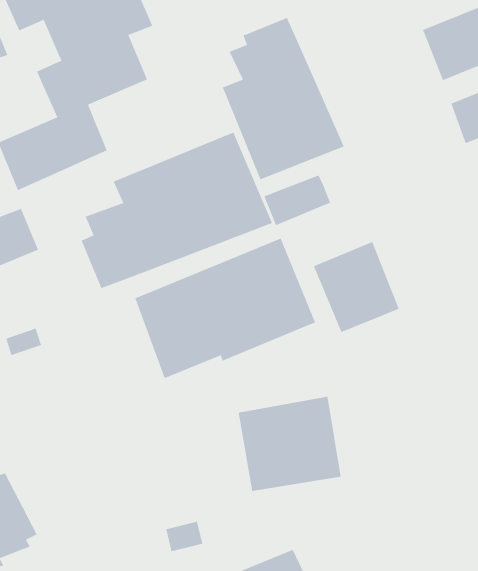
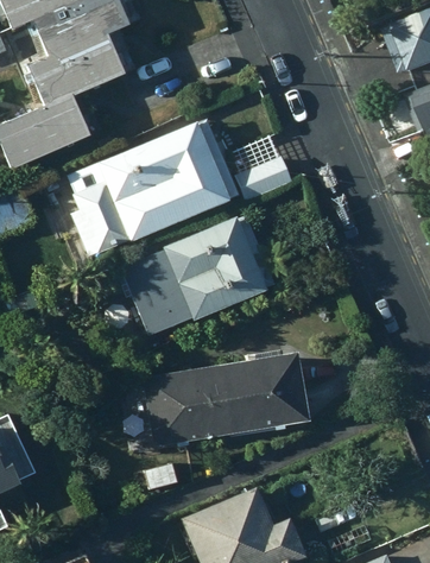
building: [222,17,345,180] -> none
building: [313,241,399,333] -> none
building: none -> [132,366,223,449]

